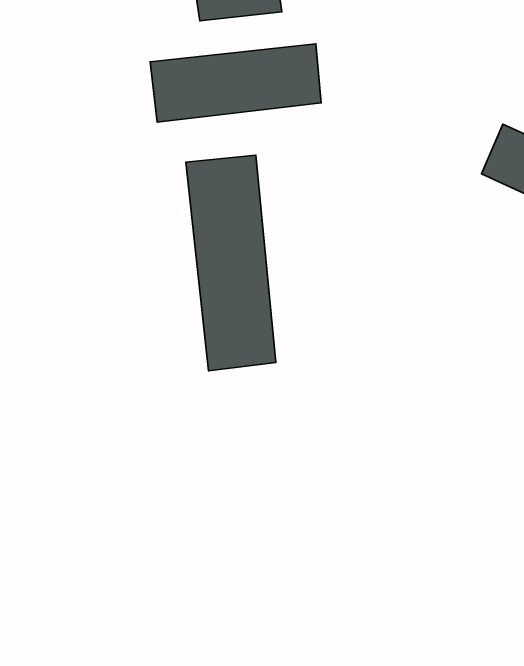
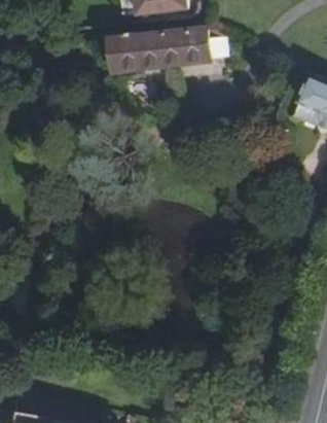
building: [186,155,276,371] -> none

